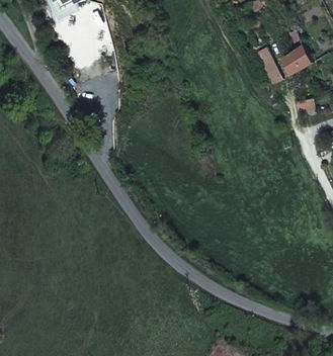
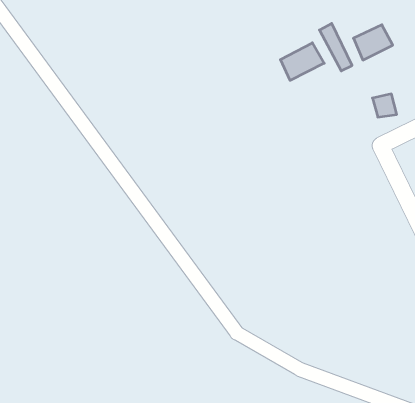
building: none -> [280,43,324,80]

